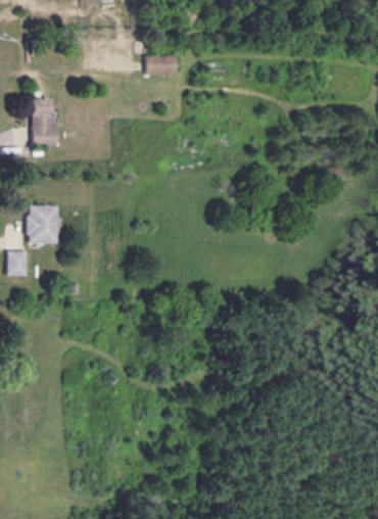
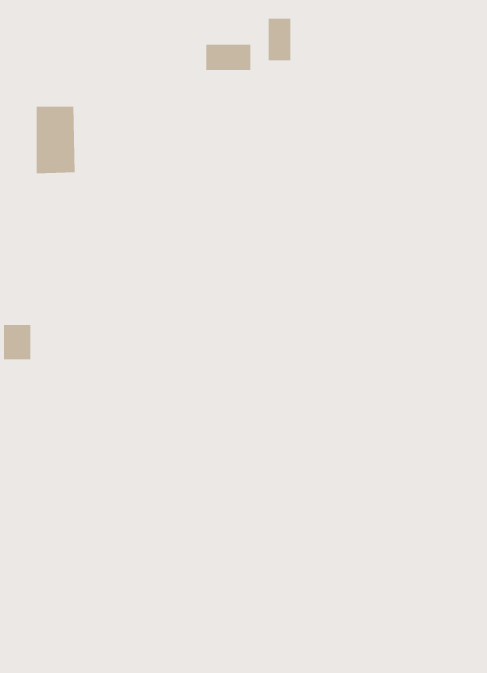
building: none -> [268,18,291,61]
building: [27,204,59,243] -> none

